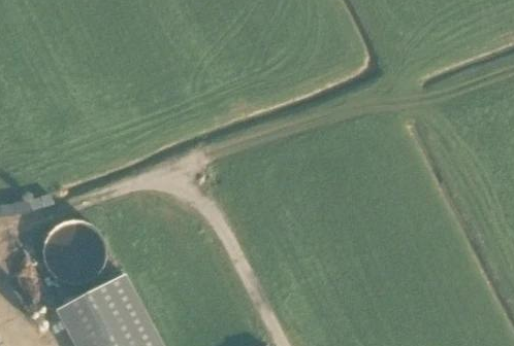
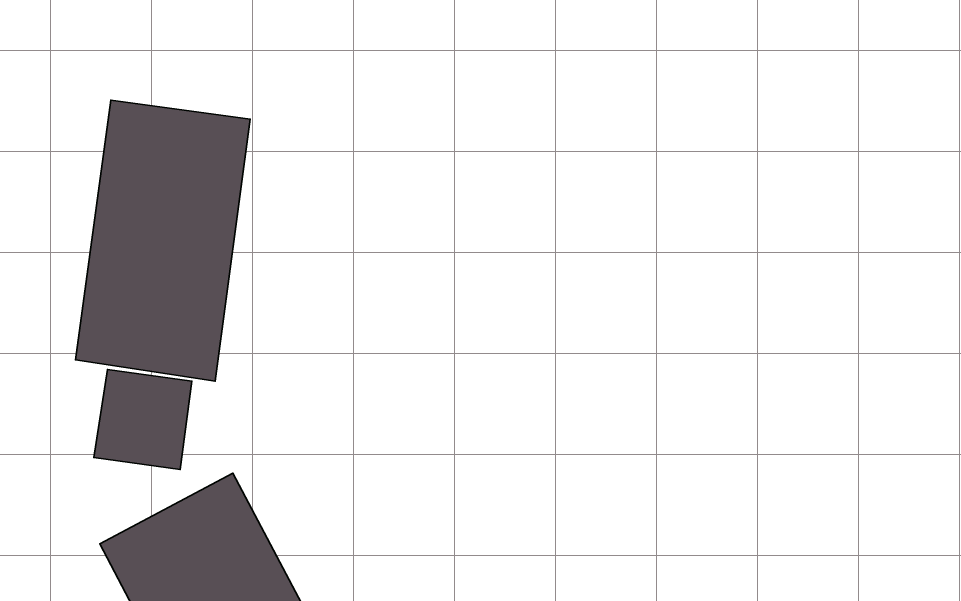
building: none -> [76,100,250,381]

